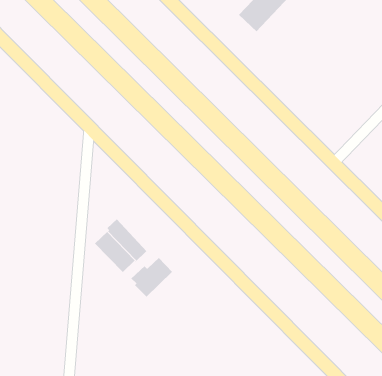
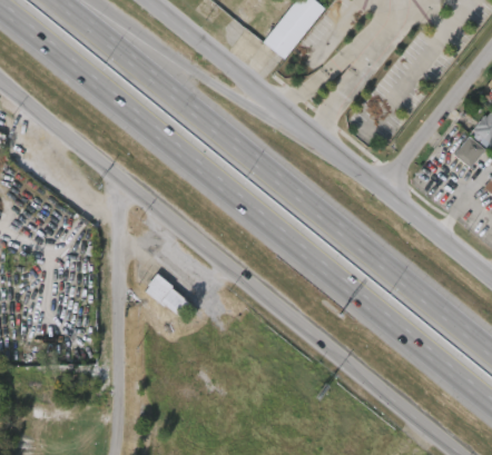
building: [130,257,173,298] -> none

